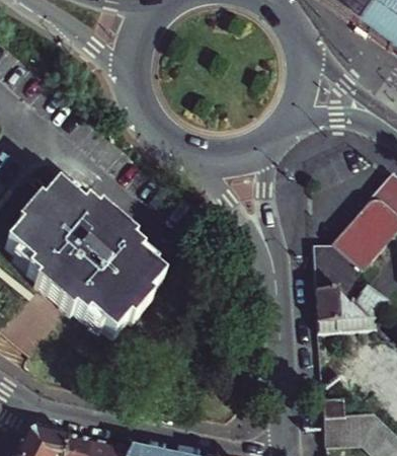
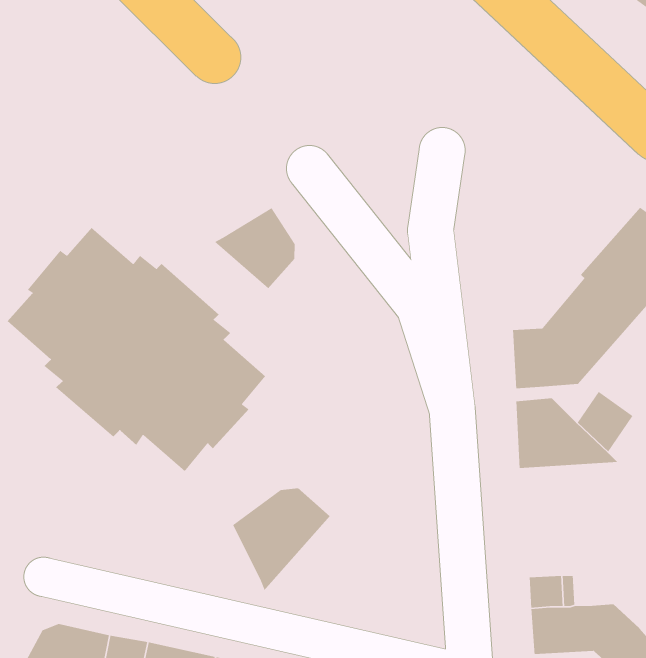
building: none -> [214,207,296,289]
building: none -> [232,487,330,591]

